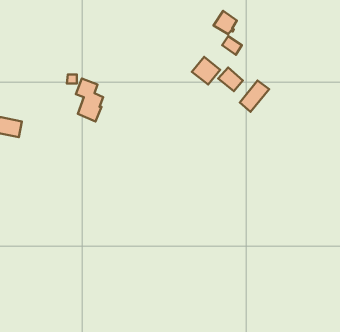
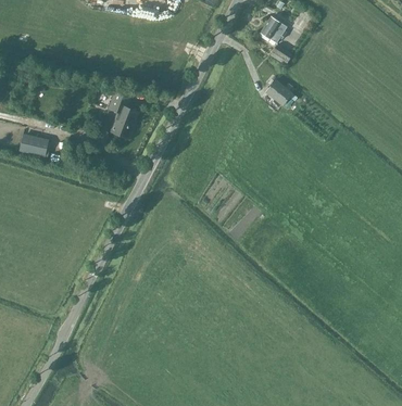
building: [192,57,220,85] -> none
building: [240,81,269,112] -> none

